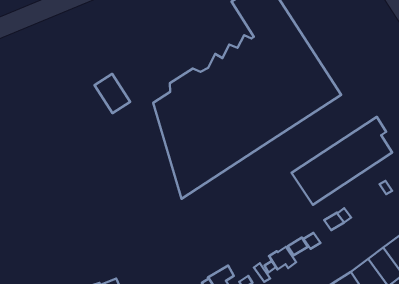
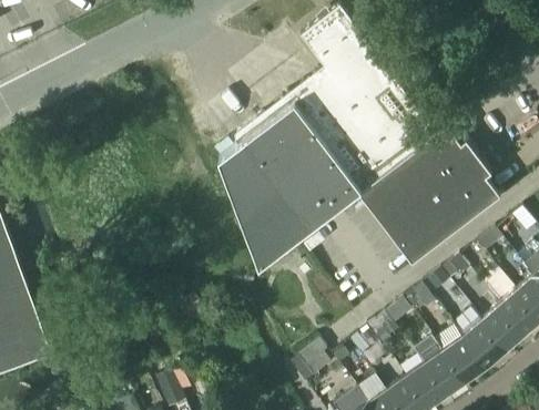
building: [94,74,130,113] -> none
building: none -> [357,124,478,227]

